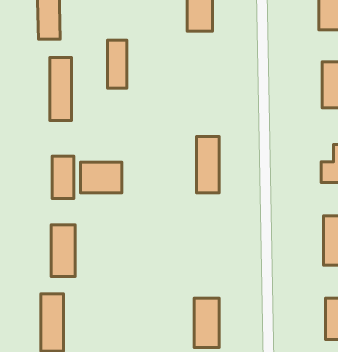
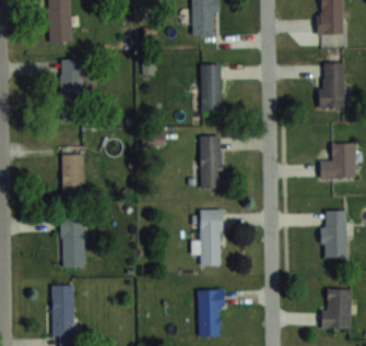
building: [107,40,127,88] -> [202,64,221,110]
building: [80,162,122,193] -> none
building: none -> [193,210,222,266]

